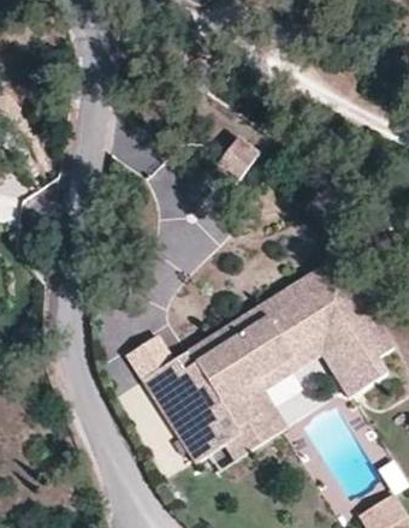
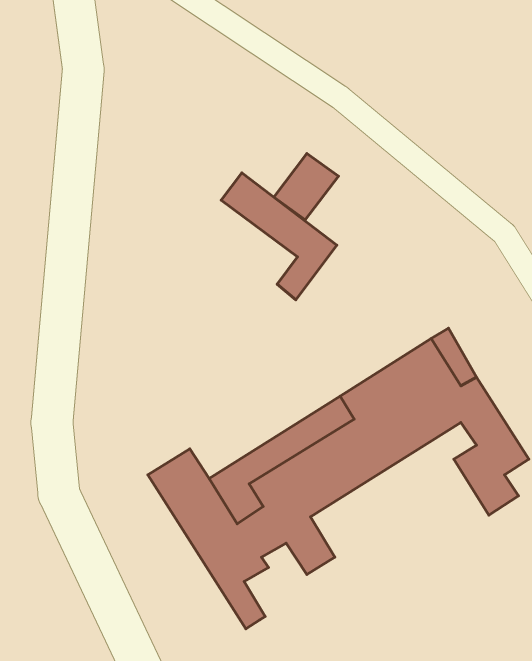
building: none -> [221,173,337,300]
building: [195,321,363,473] -> none

